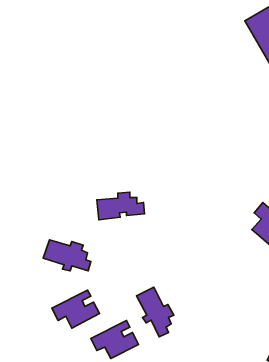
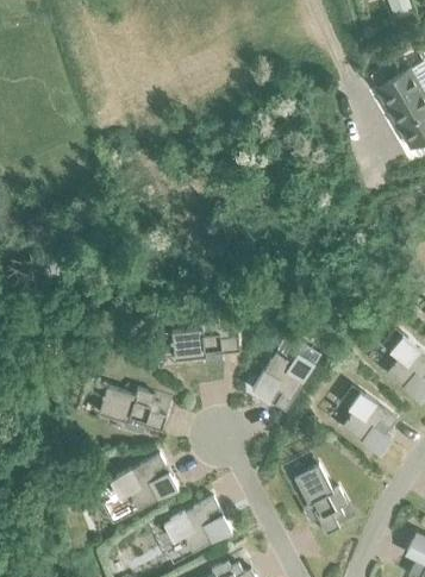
building: none -> [252,353,313,410]
building: none -> [342,393,395,453]
building: [137,287,174,337] -> [294,466,345,534]

